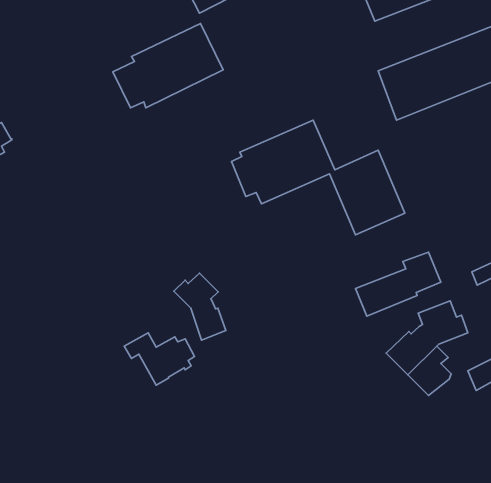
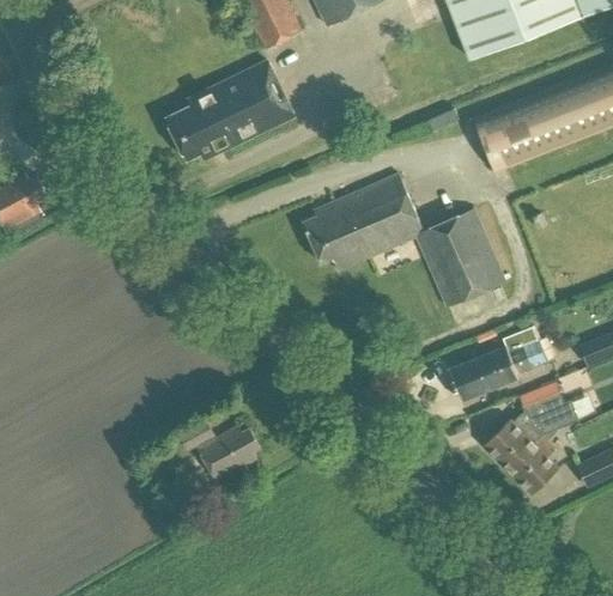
building: [174,273,226,340] -> none

